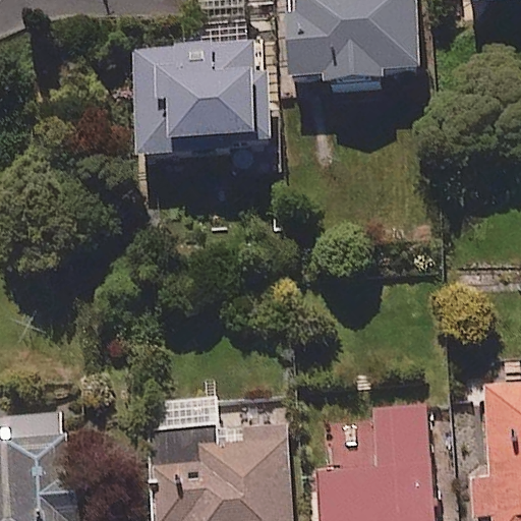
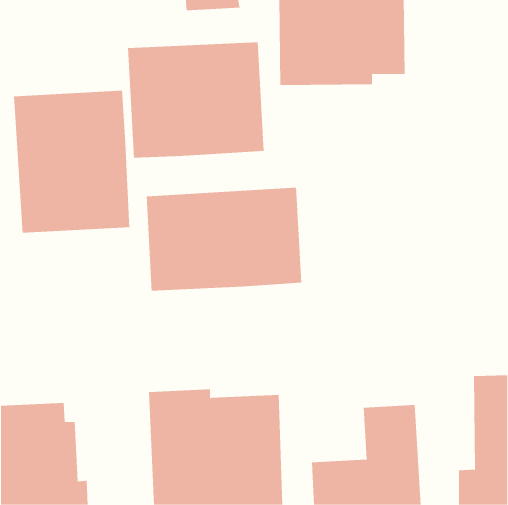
building: none -> [14,90,130,234]
building: none -> [146,187,302,291]

